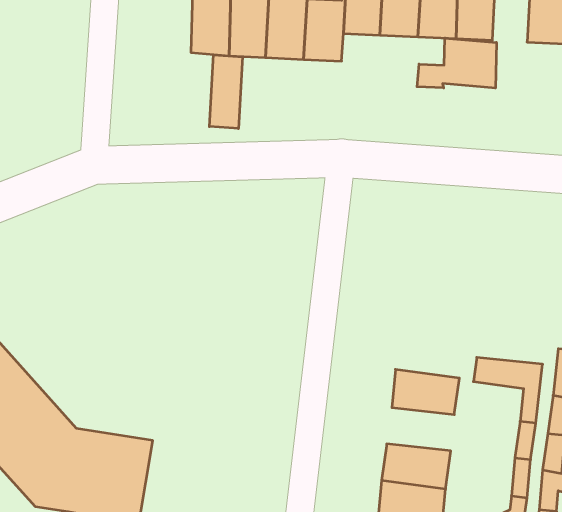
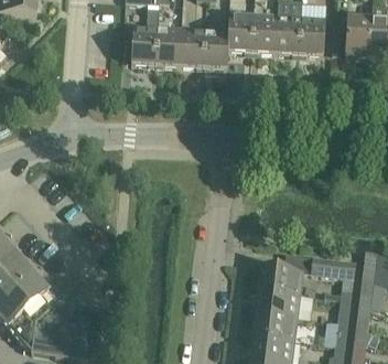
building: [417,38,496,88] -> none
building: [209,55,242,129] -> none
building: none -> [256,289,299,317]

